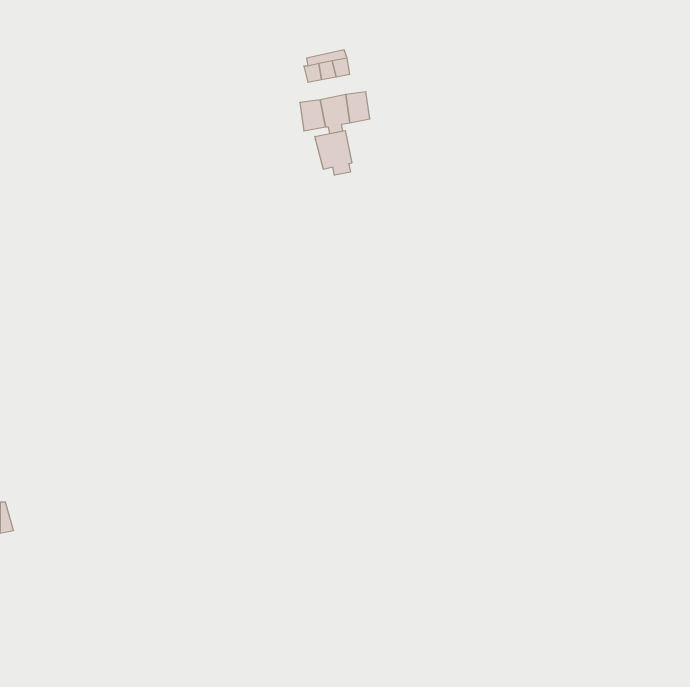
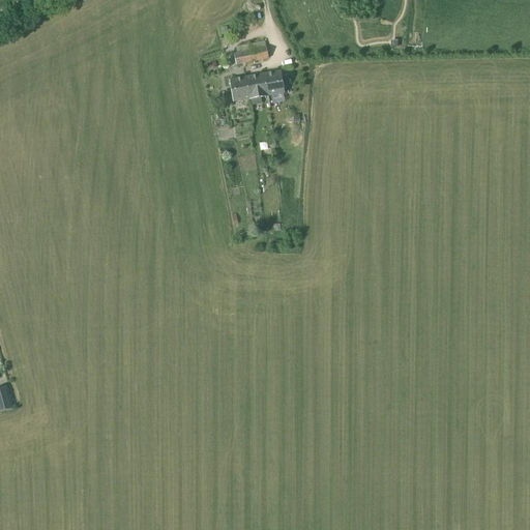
building: [315,131,352,175] -> none

